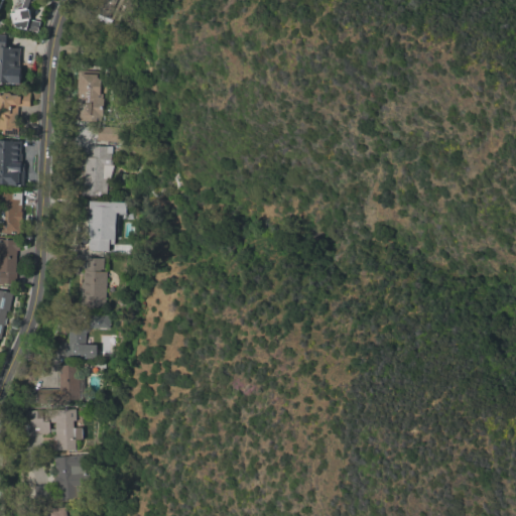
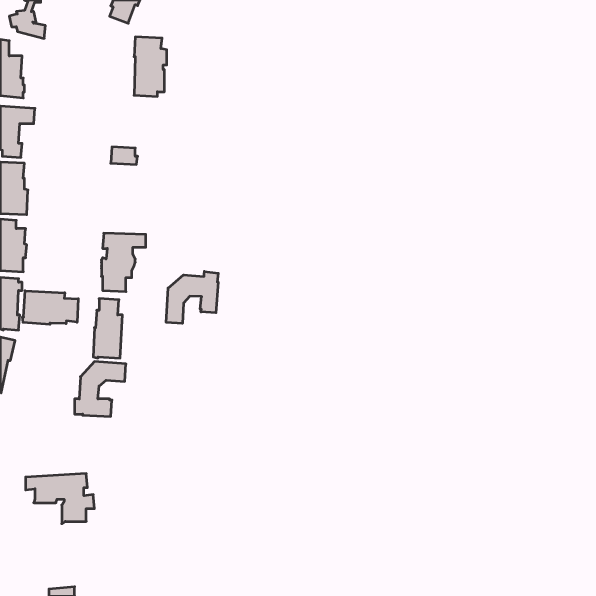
building: [76,71,104,122] -> [134,37,167,96]
building: [81,145,113,198] -> none
building: none -> [166,271,218,323]
building: none -> [23,291,78,324]
building: [37,366,85,405] -> none
building: [34,455,88,501] -> none

